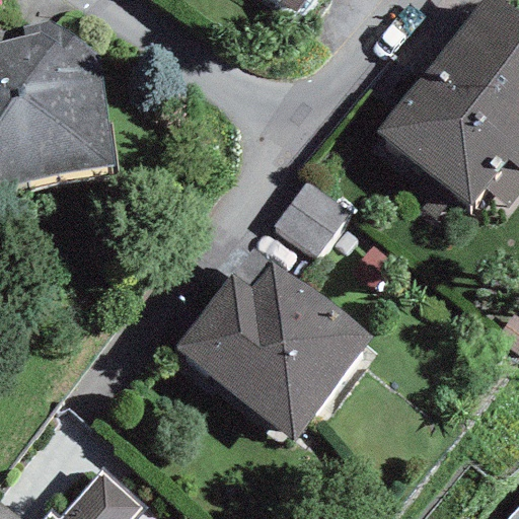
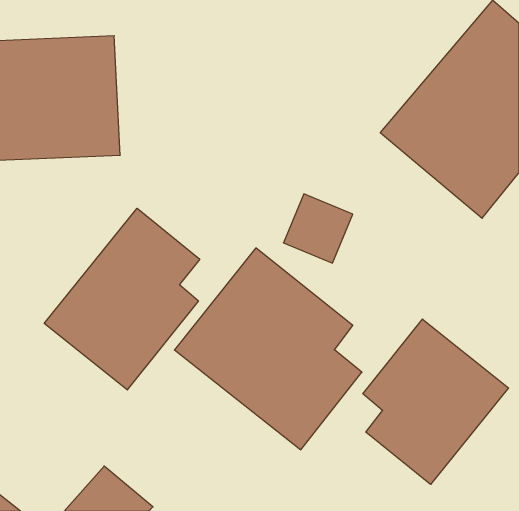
building: none -> [44,208,200,390]
building: none -> [363,319,509,484]

